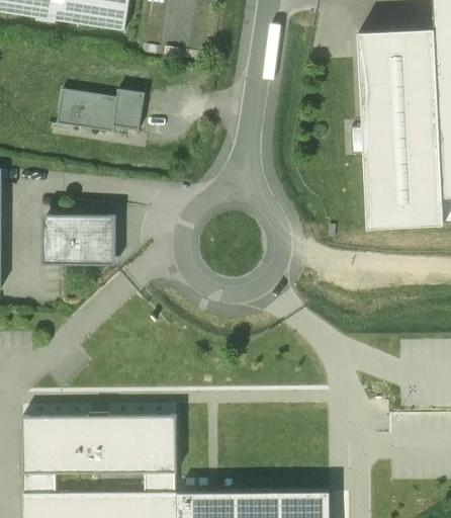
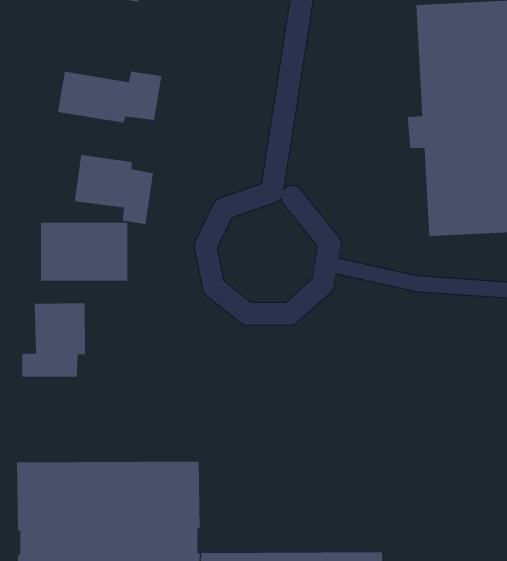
building: none -> [74,154,154,225]
building: none -> [22,303,86,378]

